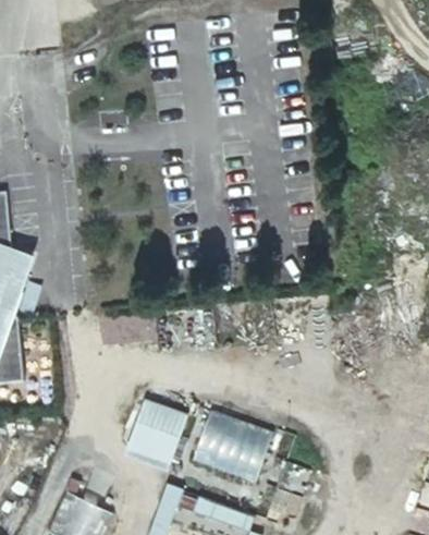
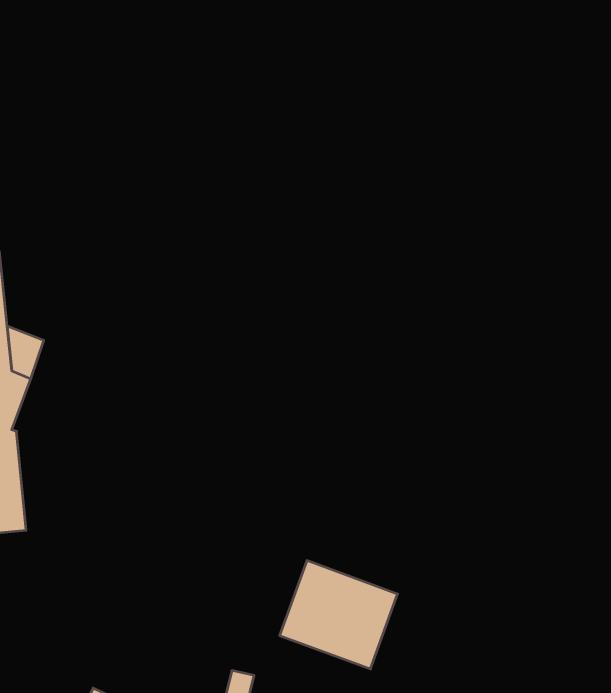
building: [128,399,189,462] -> none

